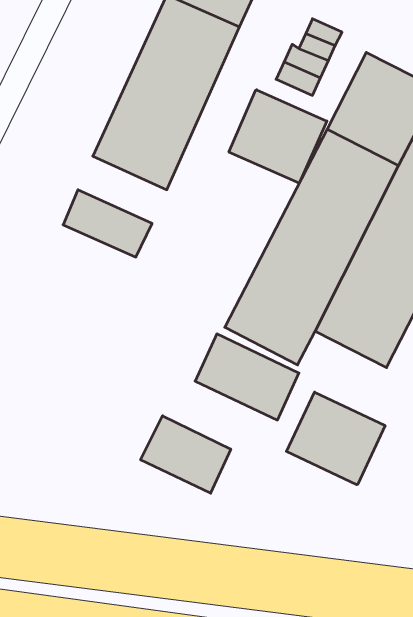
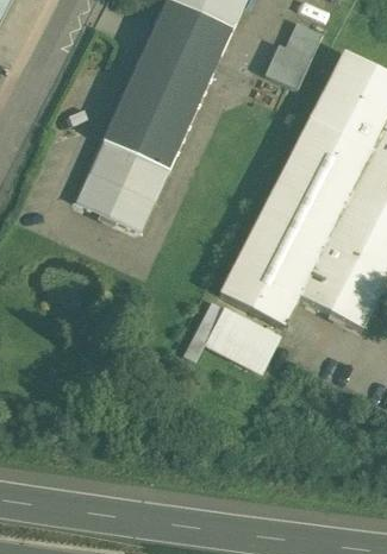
building: [229,90,327,183] -> none
building: none -> [89,141,168,201]
building: [286,392,385,485] -> none
building: [141,416,231,493] -> none

